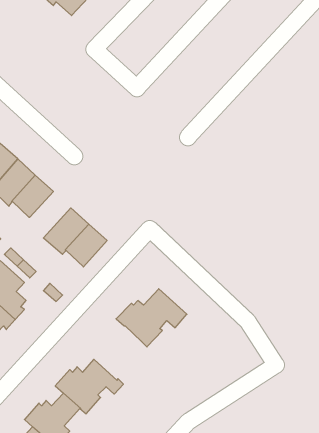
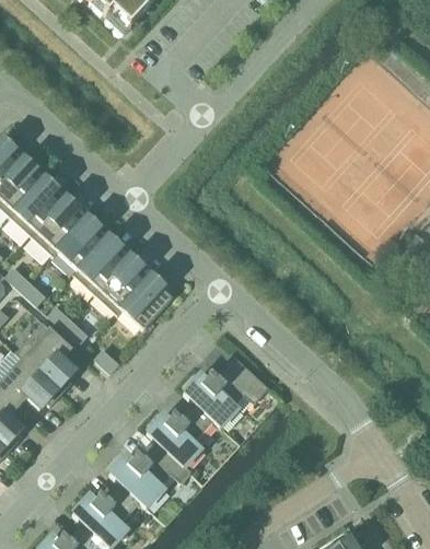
building: none -> [74,237,129,293]
building: none -> [148,399,214,465]

